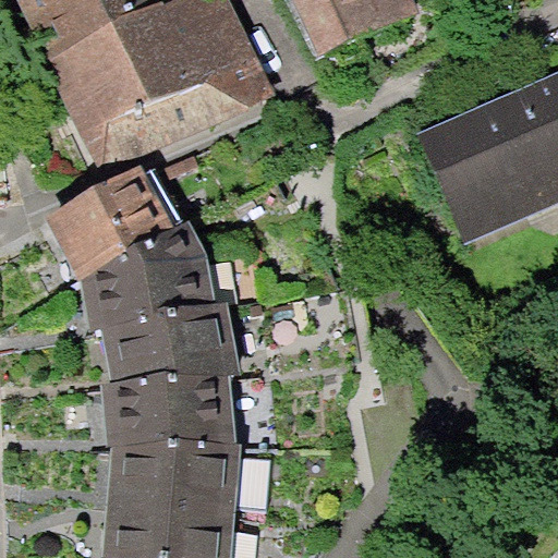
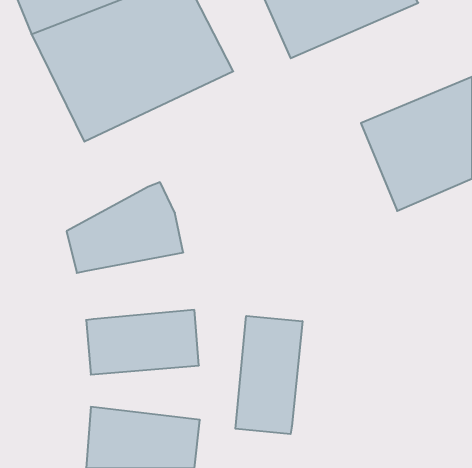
building: [46,158,174,272] -> none
building: [101,296,241,376] -> none
building: none -> [235,316,302,434]
building: [107,430,241,495] -> none

